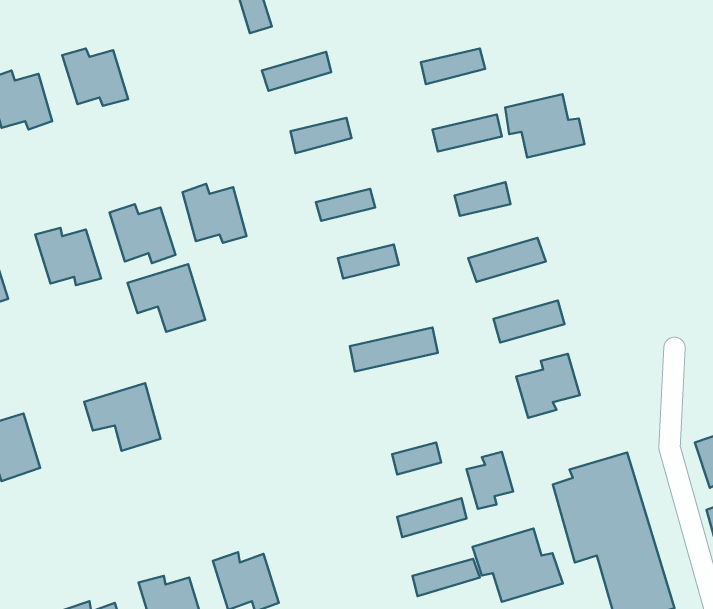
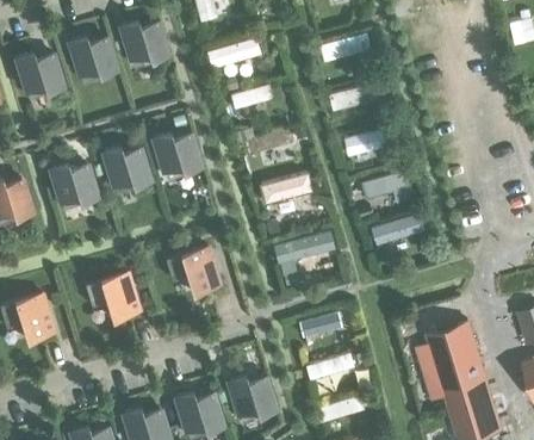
building: none -> [122,21,168,62]
building: [505,94,585,158] -> none
building: [127,264,205,332] -> [166,247,221,295]
building: [516,354,580,418] -> none
building: [466,452,513,509] -> none
building: [472,529,563,602] -> none
building: none -> [229,377,275,417]

